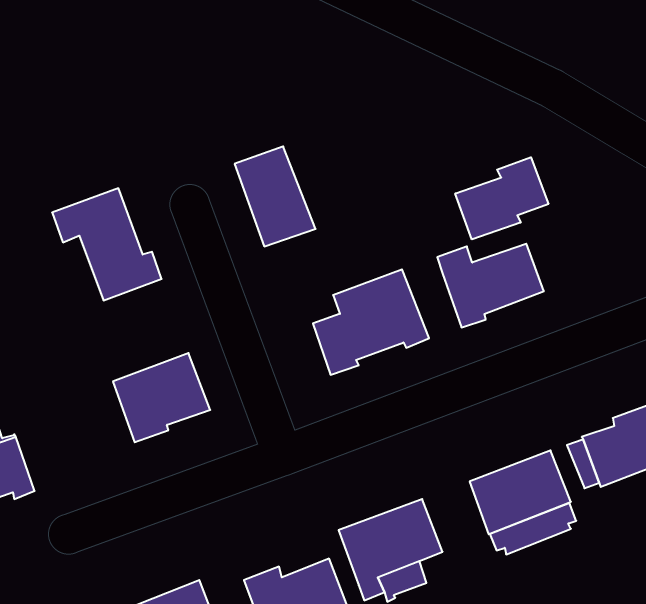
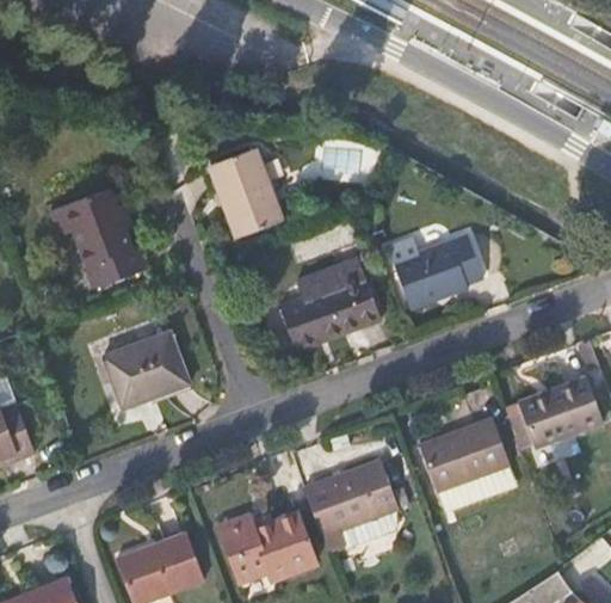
building: [455,157,548,239] -> none

